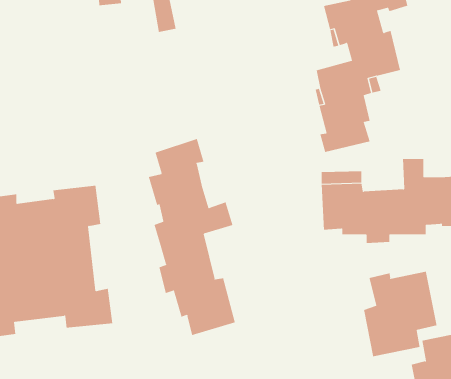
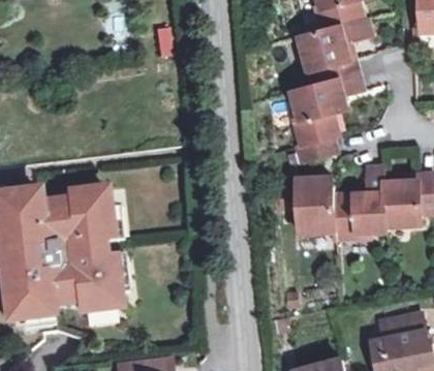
building: [148,138,236,336] -> none
building: [363,271,437,357] -> none

